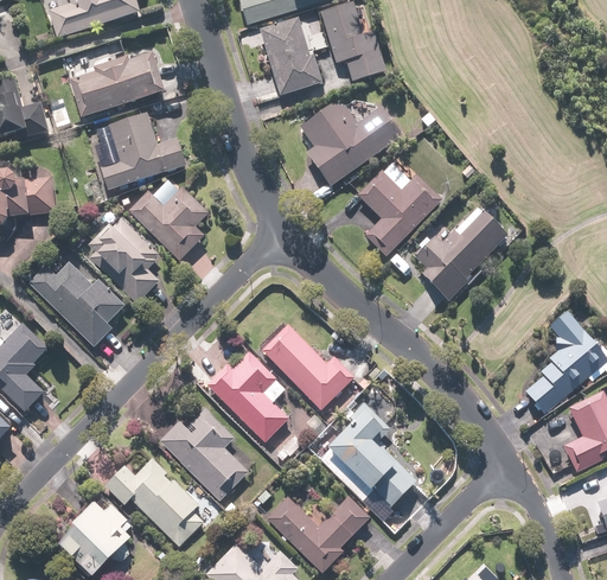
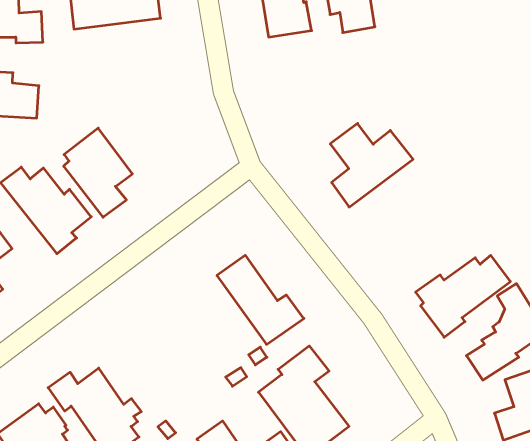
building: [301,100,401,187] -> none
building: [89,114,187,191] -> none
building: [127,179,210,261] -> none
building: [414,210,509,300] -> [416,255,510,337]
building: [207,352,288,442] -> none
building: [159,408,249,502] -> none

